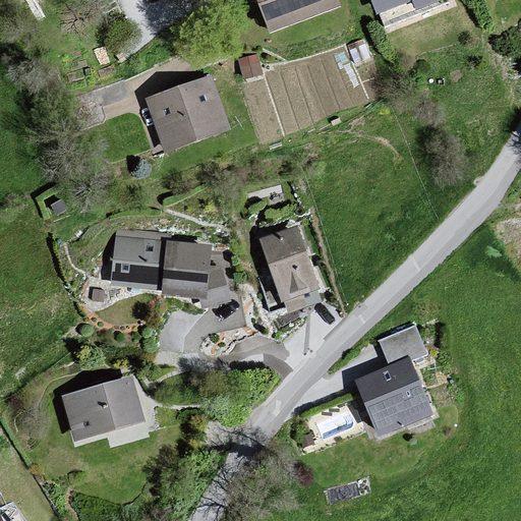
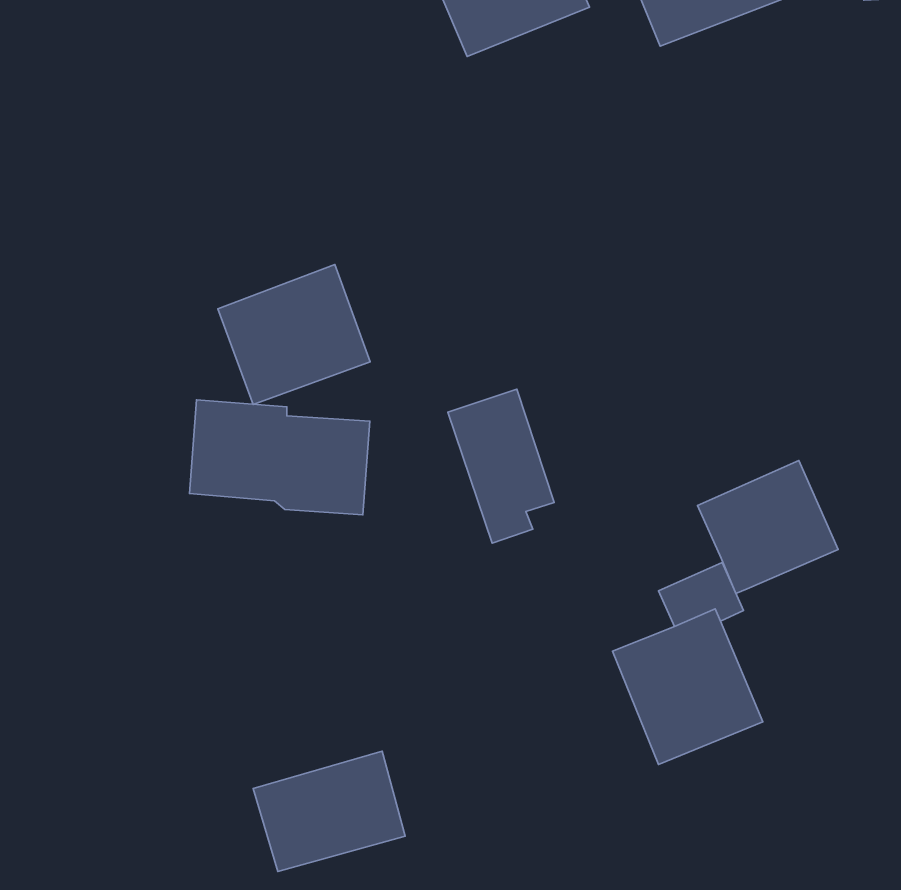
building: [146,73,233,154] -> [218,265,370,404]
building: none -> [697,460,838,594]
building: [59,374,147,444] -> [253,751,405,872]

